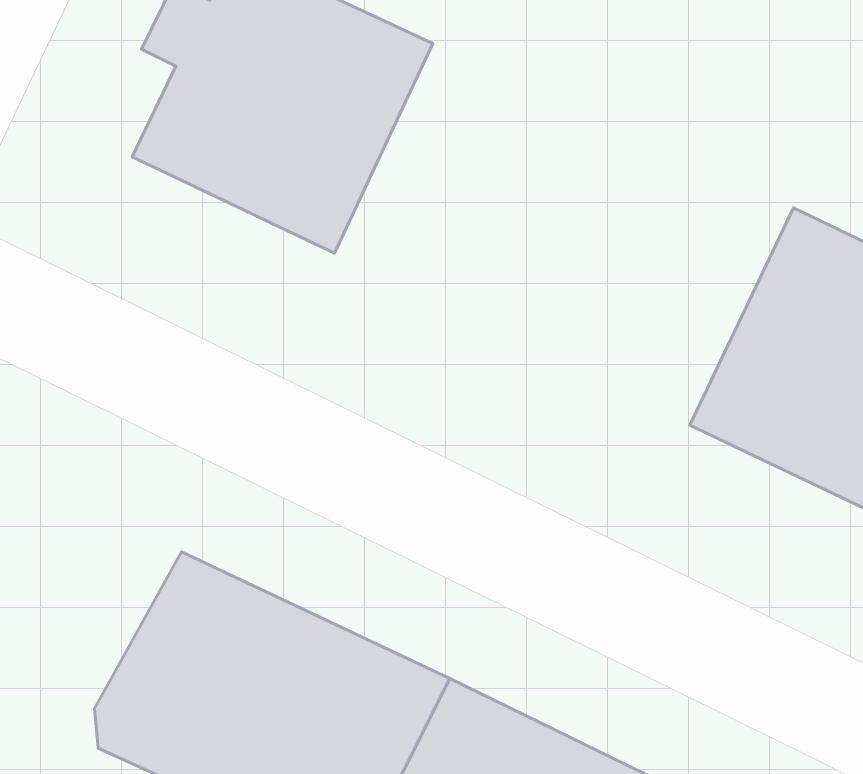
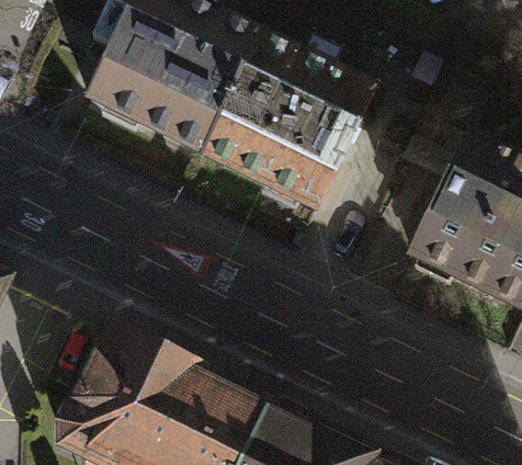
building: none -> [200,35,374,213]

